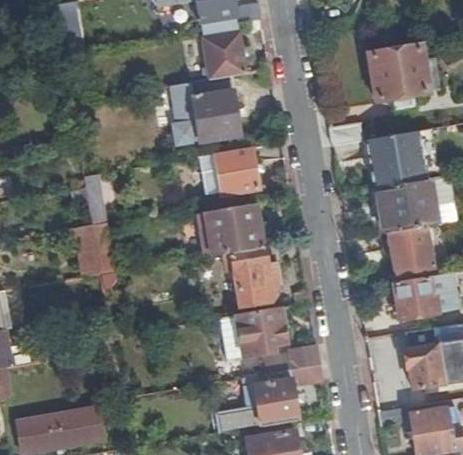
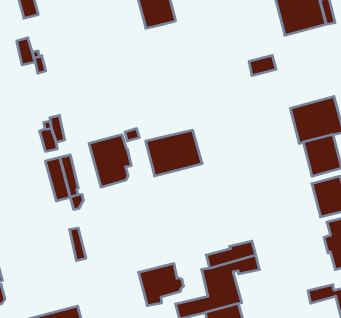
building: [170,75,240,145] -> none
building: [367,131,426,190] -> none
building: [214,147,259,195] -> none
building: [230,246,279,307] -> [89,135,131,187]
building: [236,308,289,356] -> [138,264,184,306]

